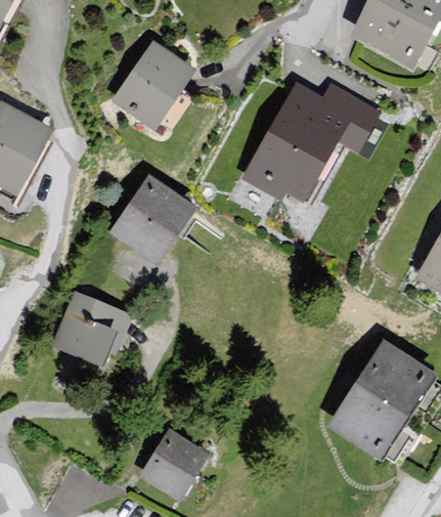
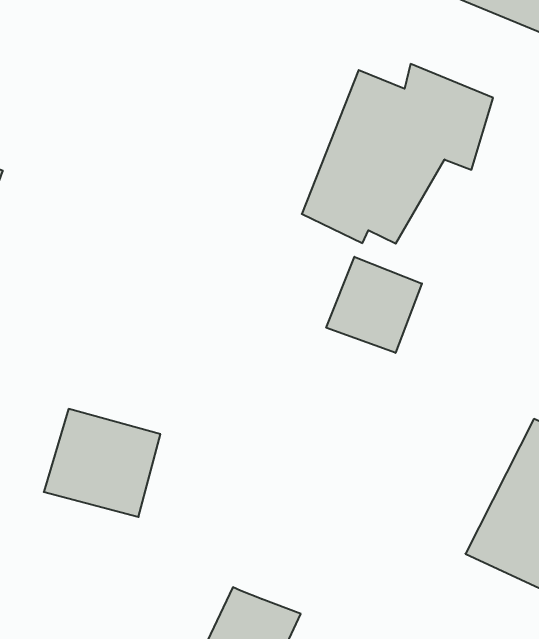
building: [111,44,199,133] -> none
building: [111,178,200,267] -> none
building: none -> [326,257,422,353]

